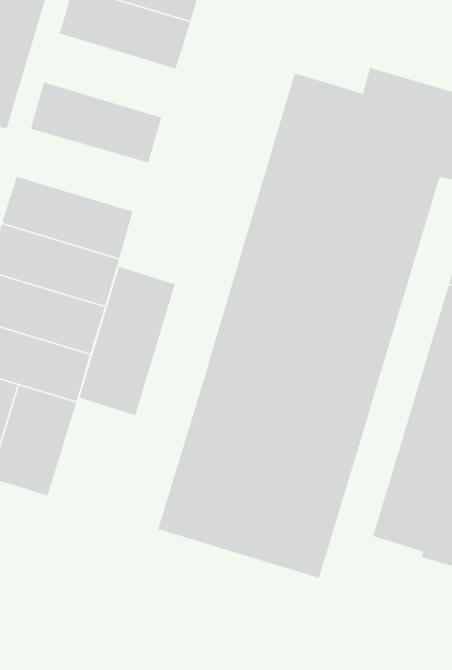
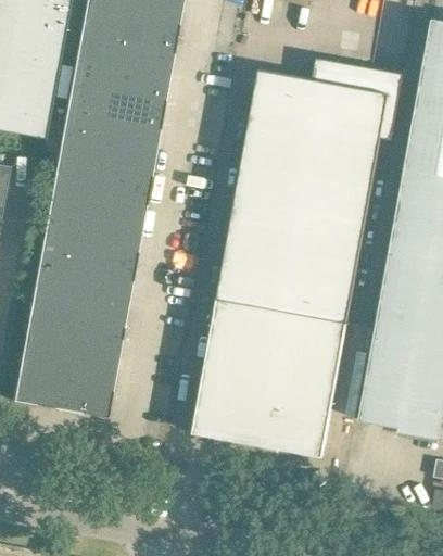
building: none -> [67,60,168,115]
building: none -> [54,136,155,190]
building: [78,266,176,416] -> none

